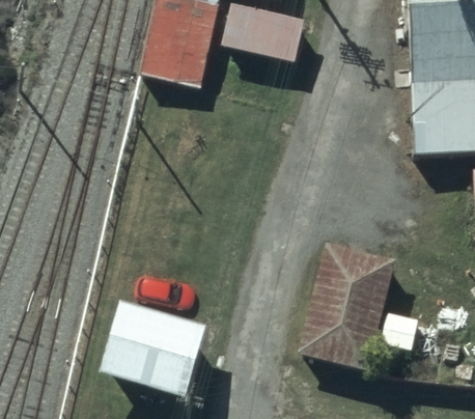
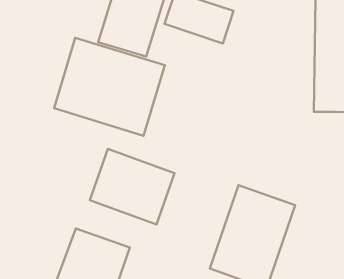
building: none -> [54,38,165,136]
building: none -> [90,149,175,224]

